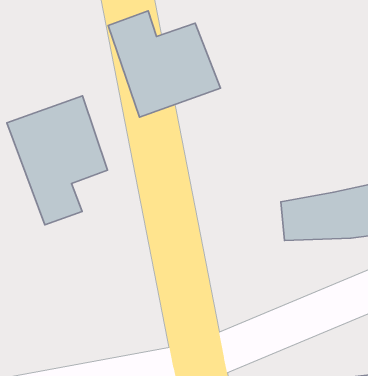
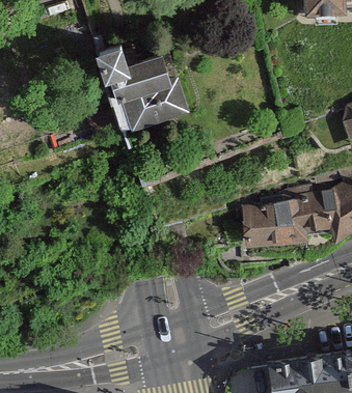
building: [7,96,107,225] -> none

